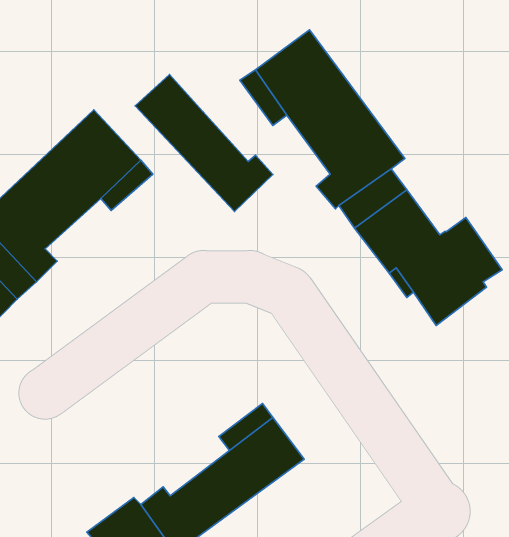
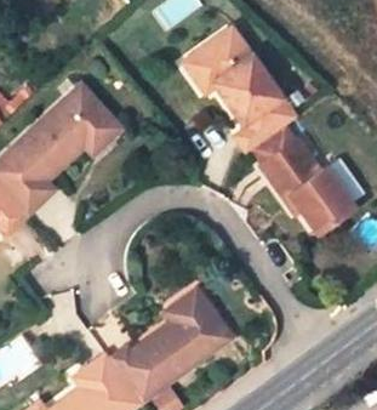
building: [135,75,273,211] -> none

